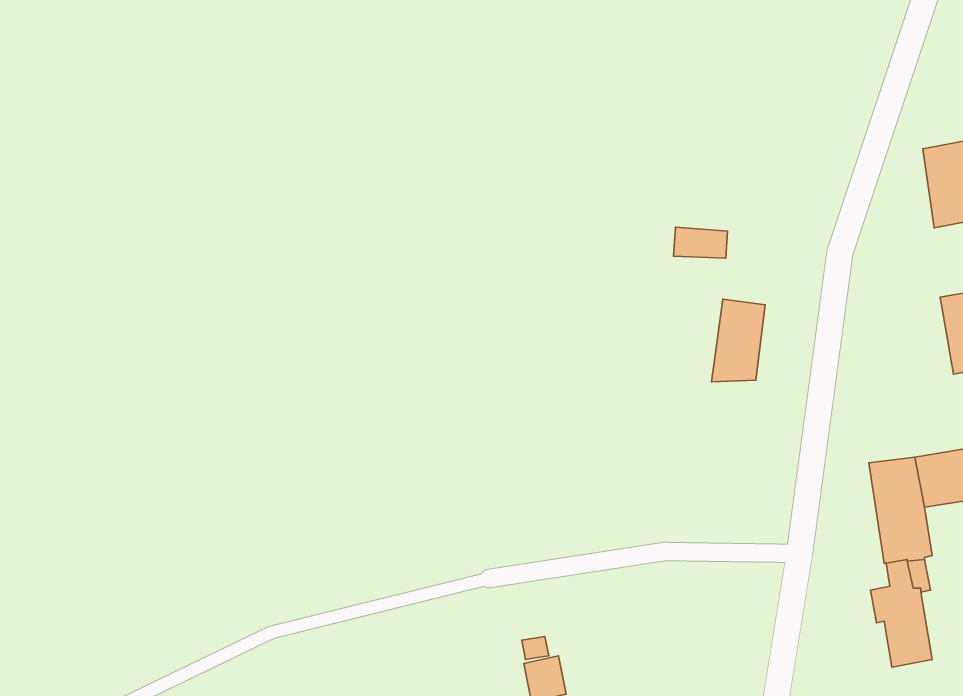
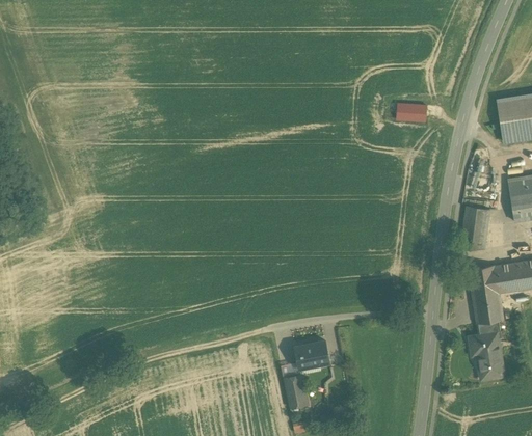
building: [674,227,728,258] -> [398,104,427,120]
building: [711,299,765,382] -> [460,206,489,250]
building: none -> [295,340,328,367]

